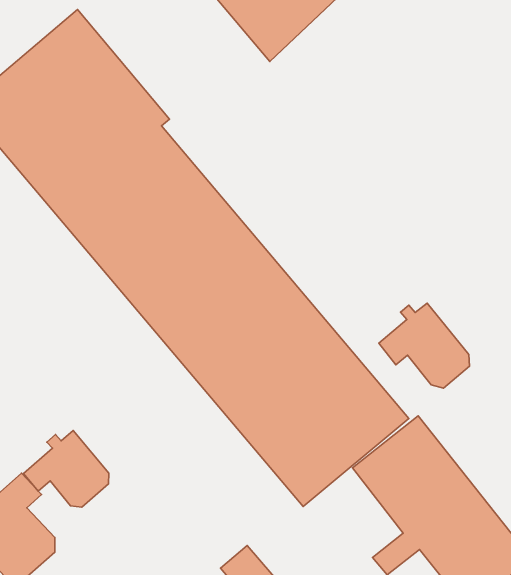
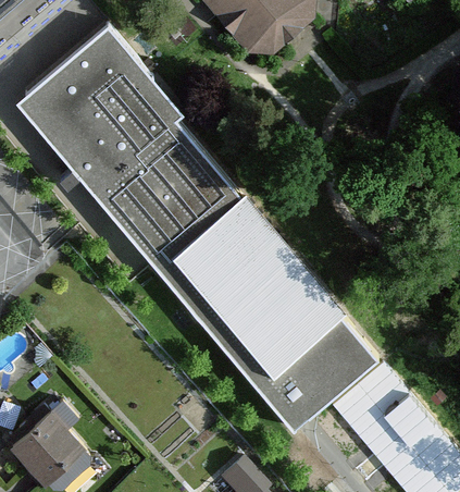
building: [379,303,470,388] -> none
building: [24,430,109,507] -> none

